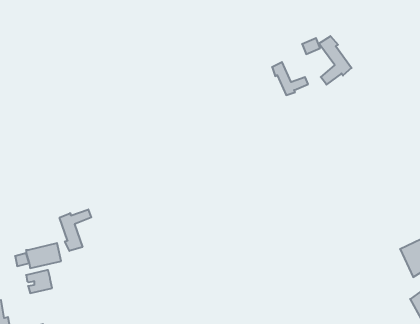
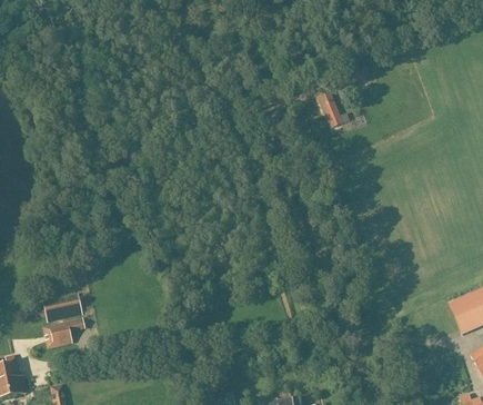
building: [319,36,352,85] -> none
building: [60,209,91,251] -> none

